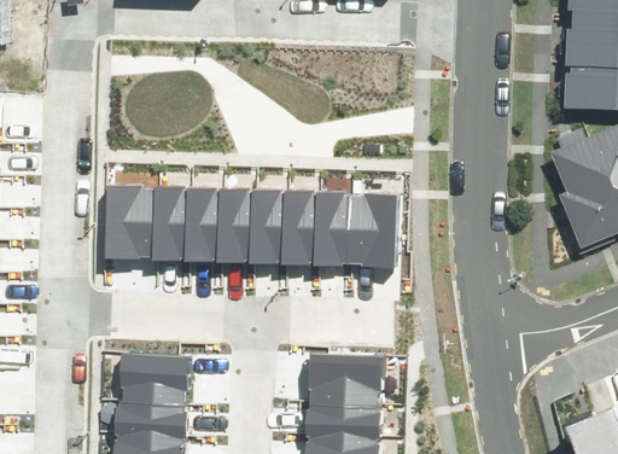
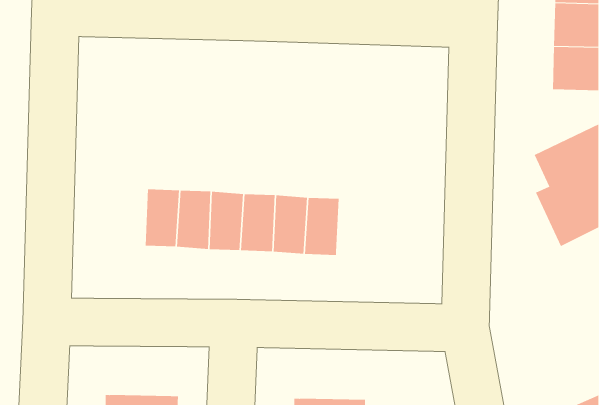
building: [111,188,161,252] -> none
building: [350,205,400,260] -> none
building: [118,355,192,402] -> none
building: [309,355,380,406] -> none

